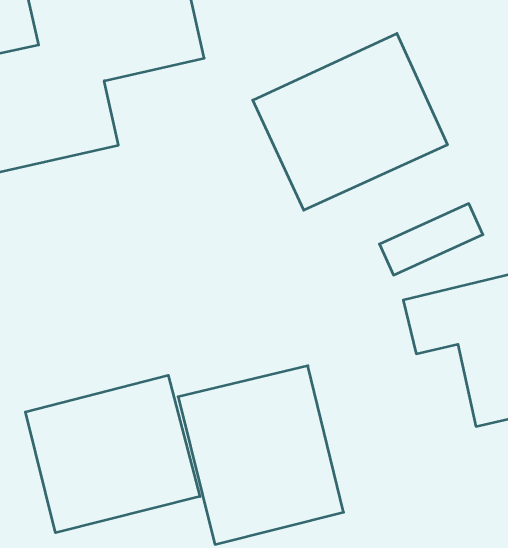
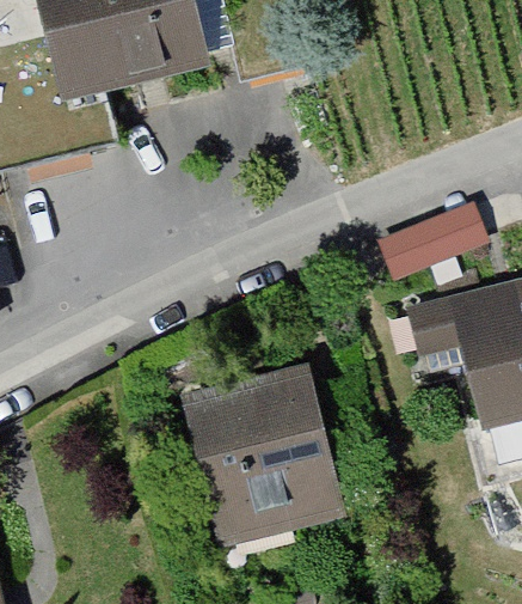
building: [253,33,447,210] -> none
building: [25,375,200,533] -> none

